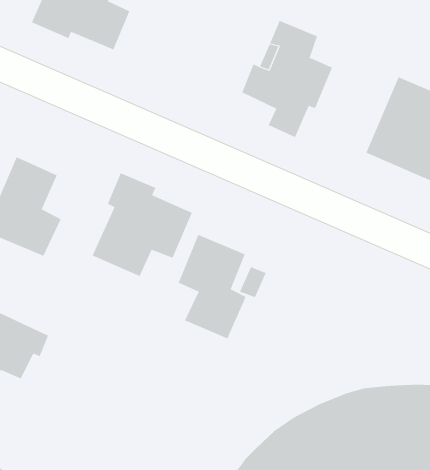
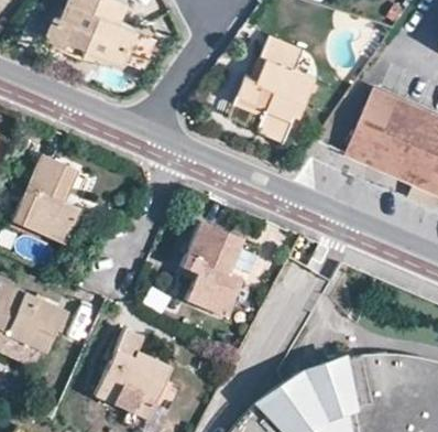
building: [92,173,193,277] -> none
building: none -> [96,331,169,418]

